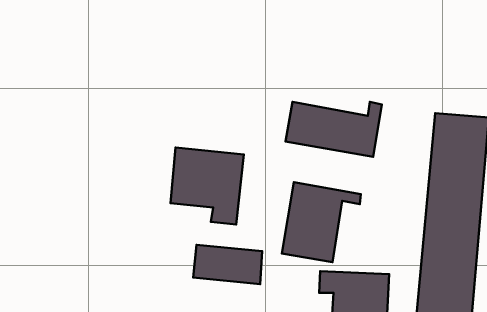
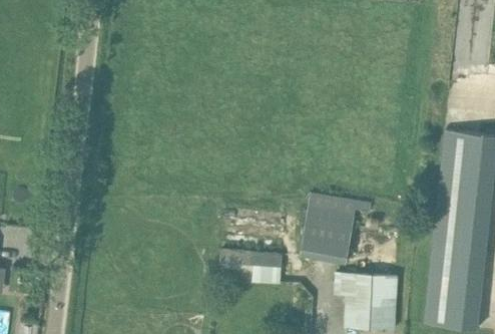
building: [286,102,382,157] -> none
building: [170,148,244,224] -> none

